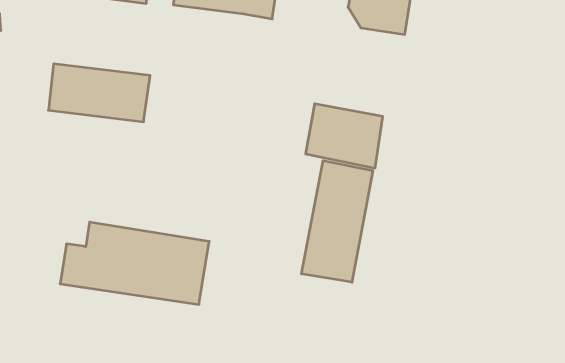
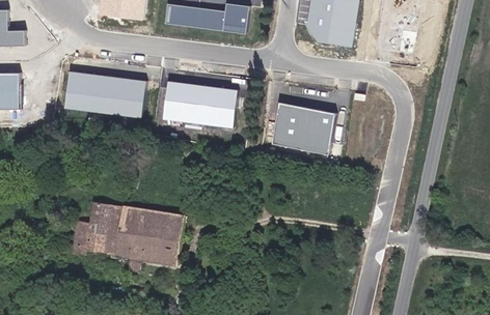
building: none -> [162,81,237,130]
building: [302,161,373,282] -> none

